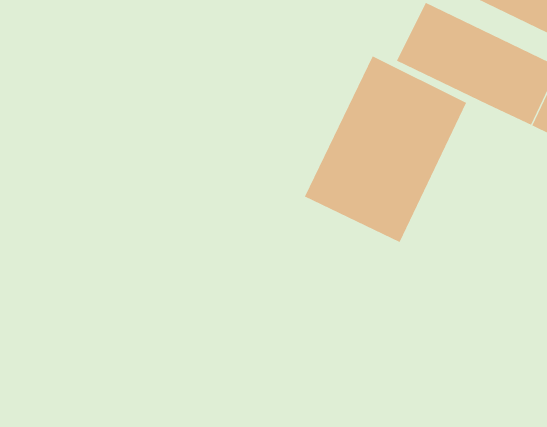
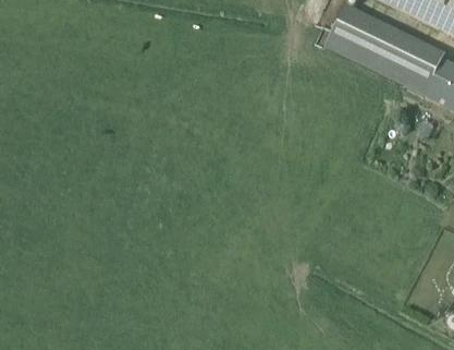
building: [304,56,467,243] -> none

